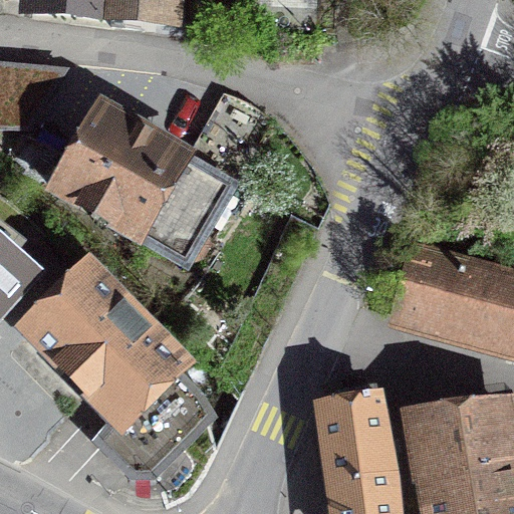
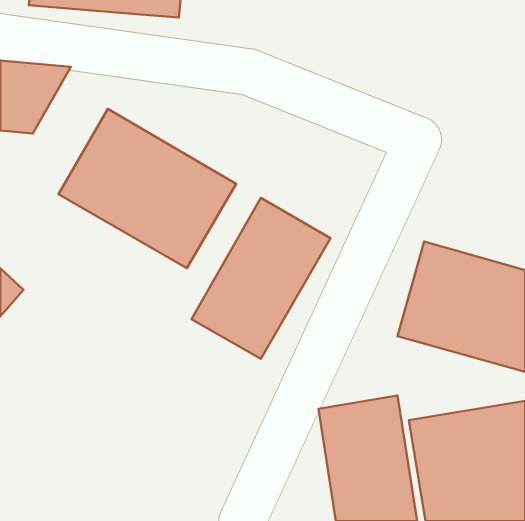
building: none -> [191,198,331,359]
building: [29,272,208,476] -> none

